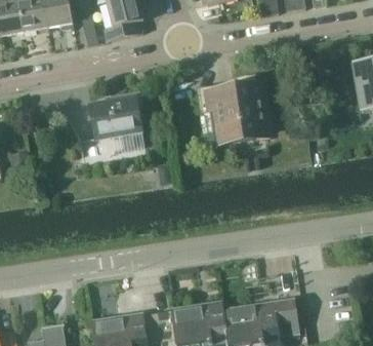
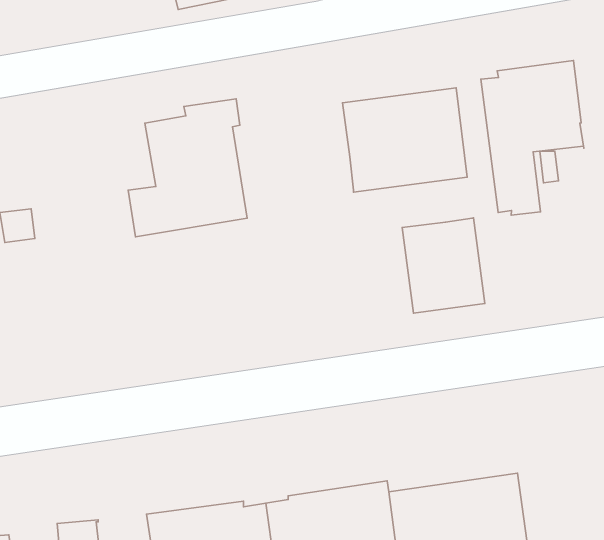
building: none -> [481,60,584,215]
building: none -> [402,218,485,313]

